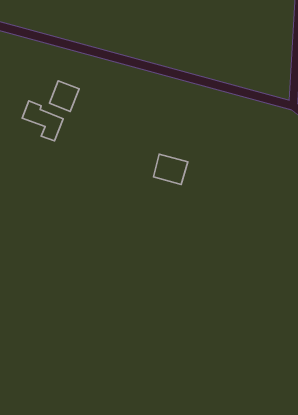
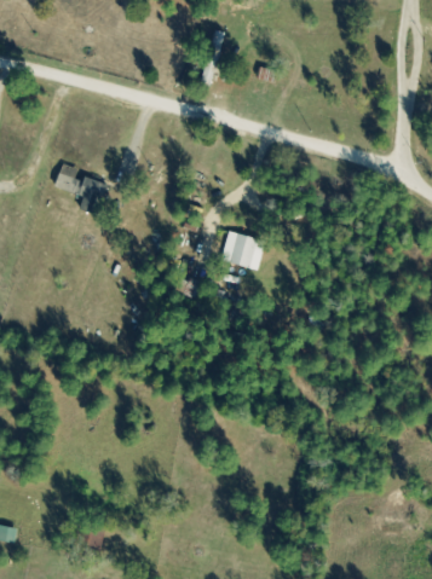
building: [50,81,79,111] -> none

